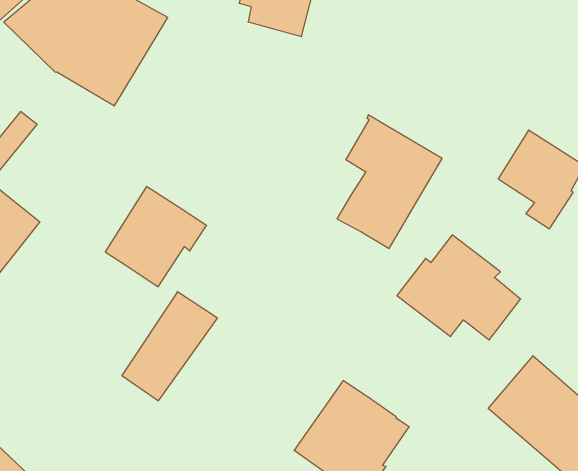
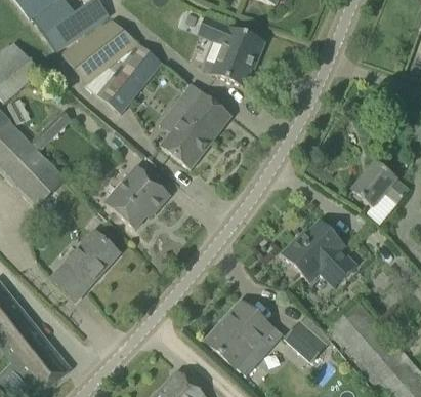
building: [337,115,442,249] -> [160,83,229,167]
building: [122,292,217,401] -> [54,232,118,297]
building: none -> [284,319,327,360]

